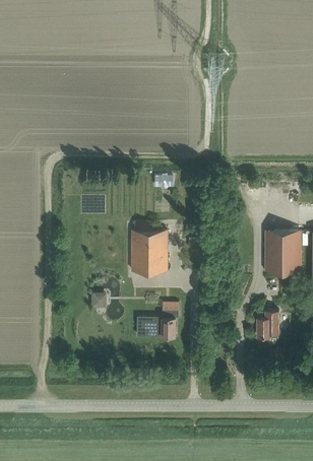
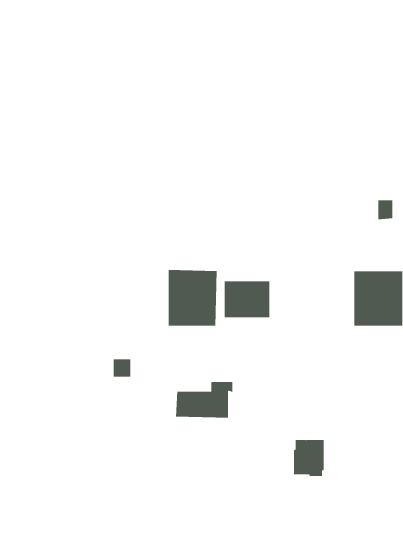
building: none -> [224,280,270,318]
building: [256,312,278,338] -> [293,440,324,476]

